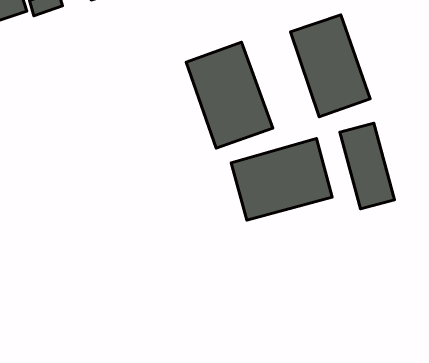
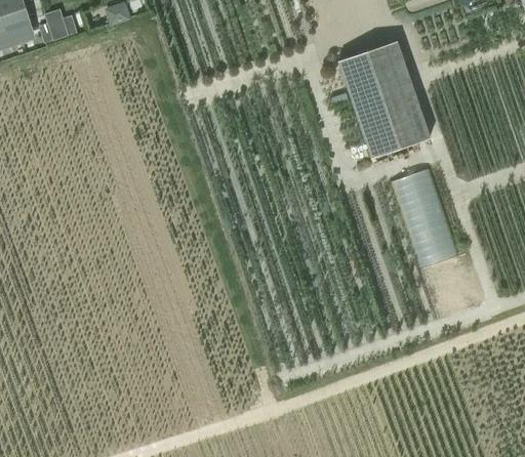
building: [186,42,273,148] -> none
building: [231,139,332,220] -> none

